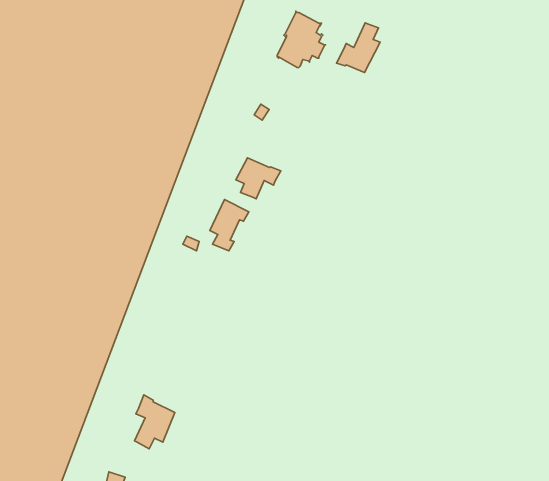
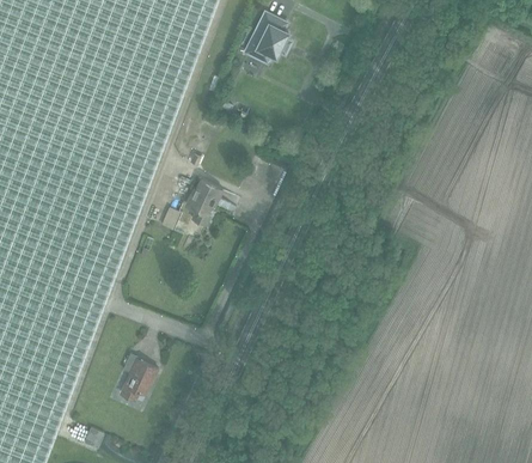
building: [337,23,380,72] -> none
building: [236,158,281,199] -> none

